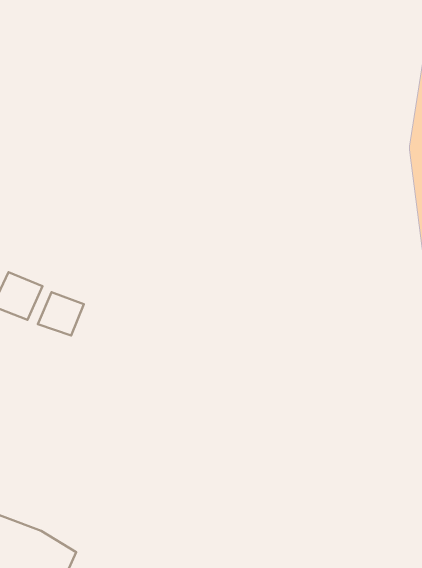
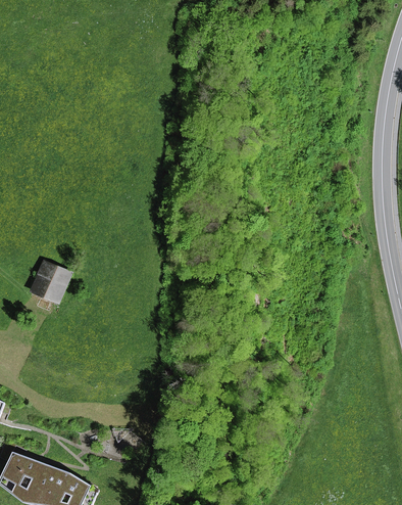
building: [38,292,84,335] -> none

